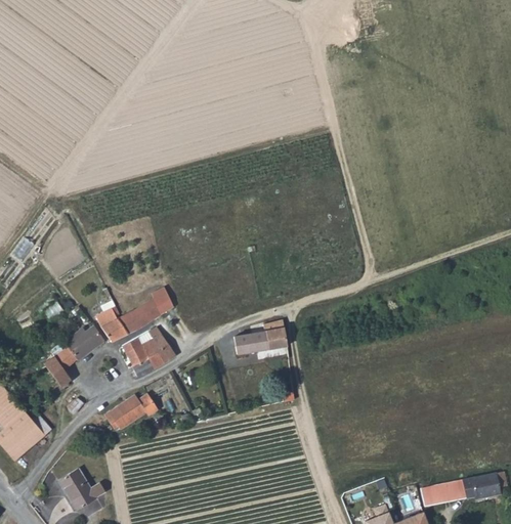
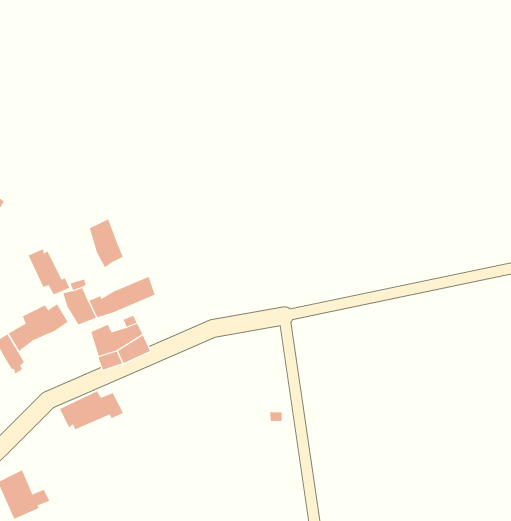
building: none -> [89,219,123,268]
building: none -> [28,248,70,295]
building: [230,321,285,357] -> none

